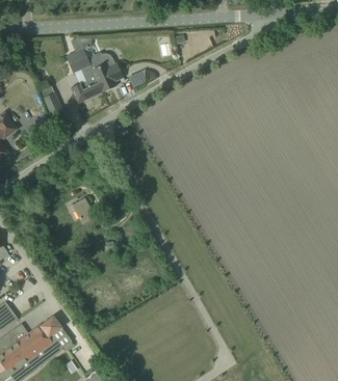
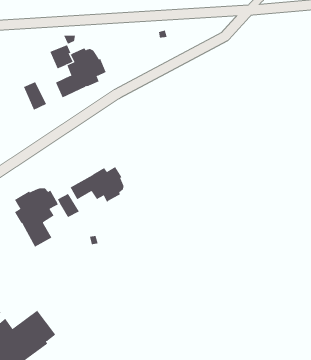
building: none -> [70,166,124,203]
building: none -> [14,187,60,248]

